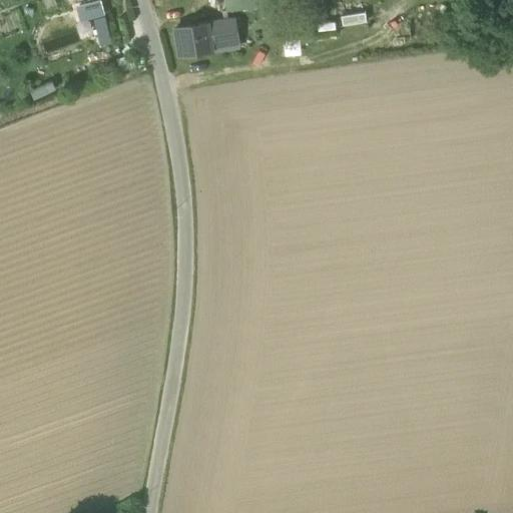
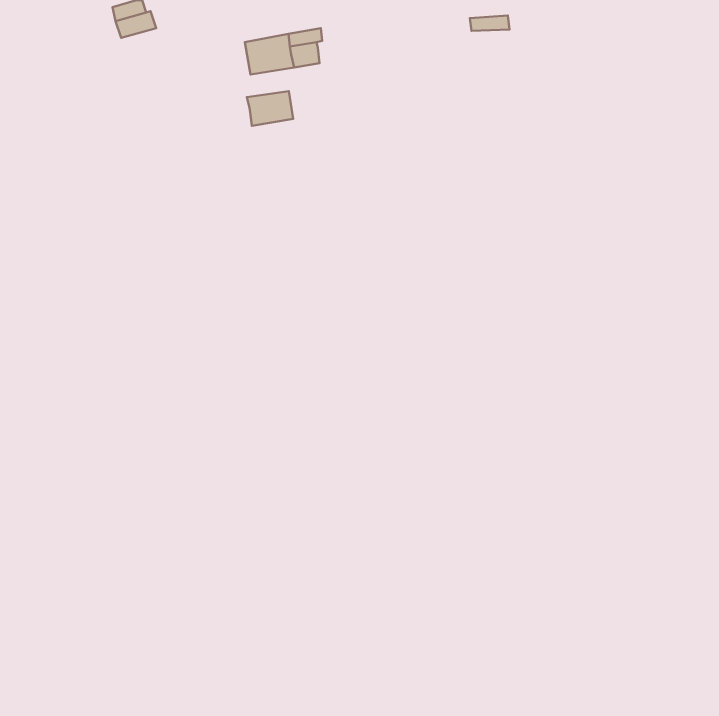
building: none -> [247,91,293,126]

